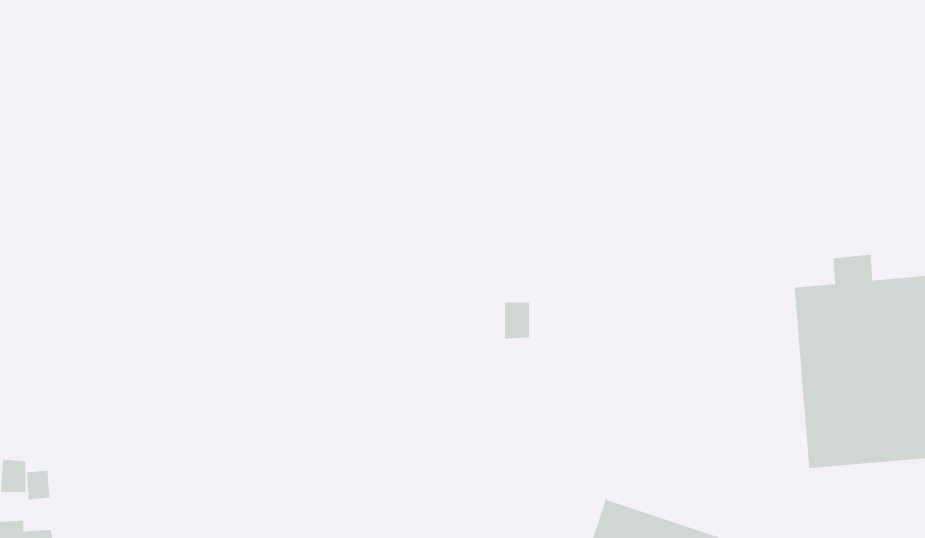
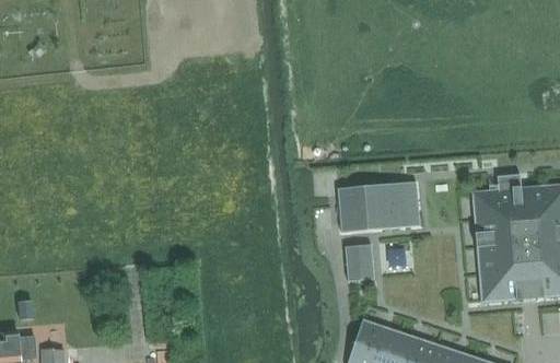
building: none -> [337,182,420,233]
building: none -> [345,245,374,282]

